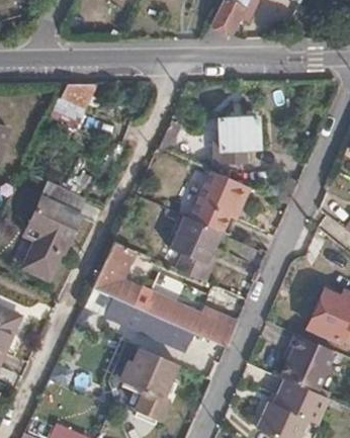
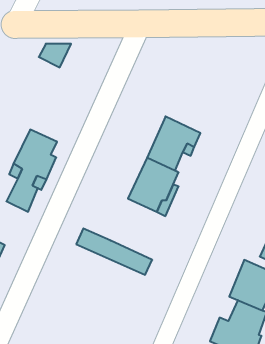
building: [221,117,259,155] -> none
building: [92,240,135,296] -> none
building: [144,293,237,348] -> none
building: [121,347,178,424] -> none

